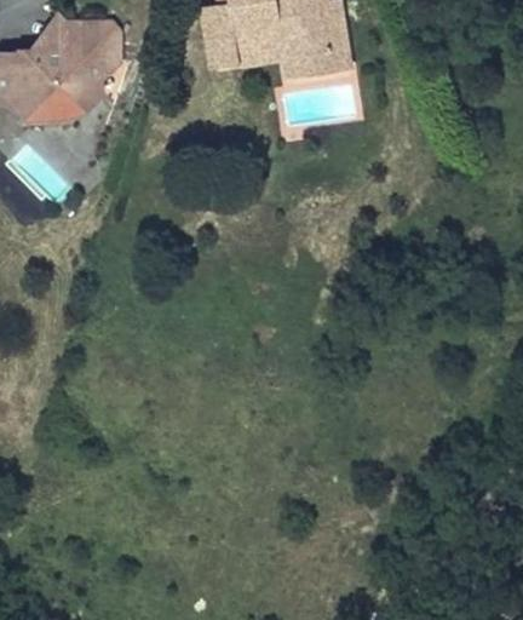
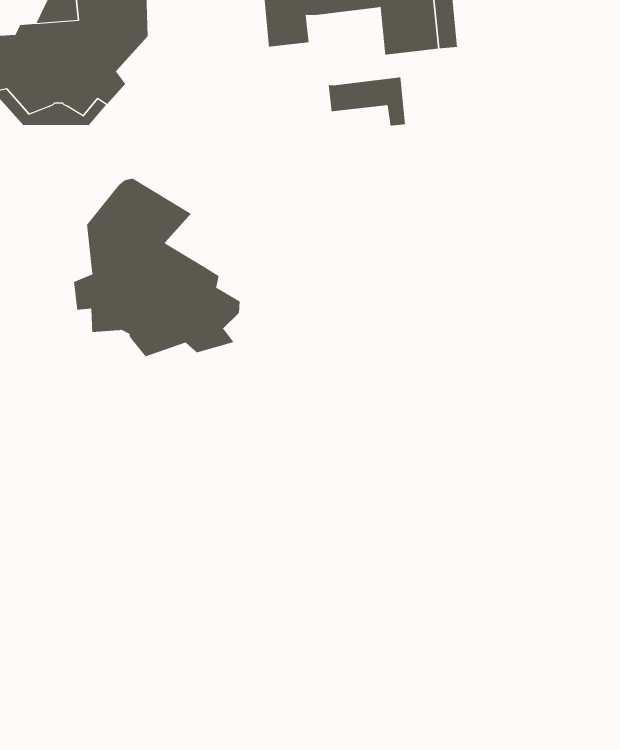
building: [237,36,297,74] -> [328,77,406,126]
building: none -> [73,178,240,357]

